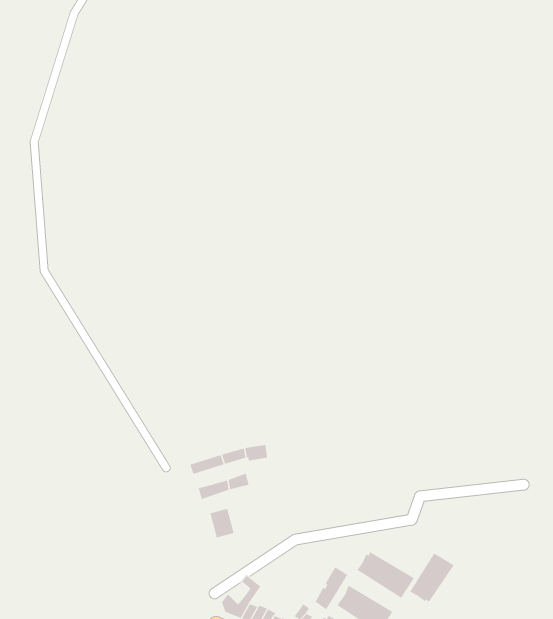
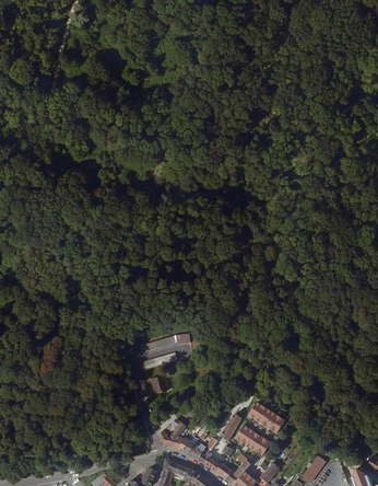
building: [409,553,454,603] -> none

